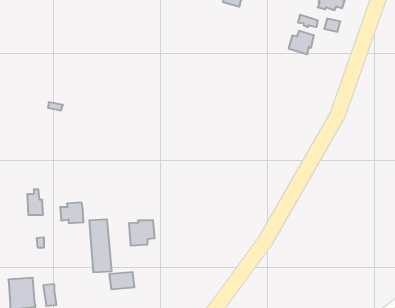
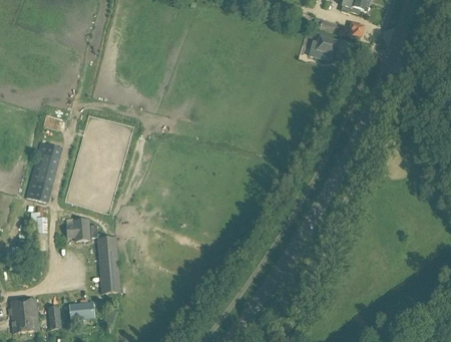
building: none -> [26,140,61,201]
building: [129,220,154,246] -> none
building: [109,272,135,289] -> [69,302,96,320]

